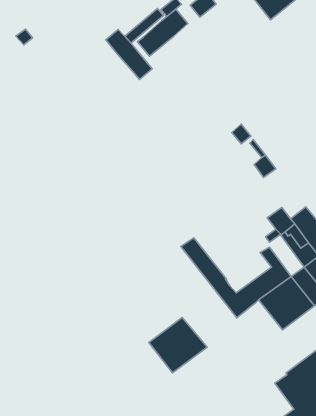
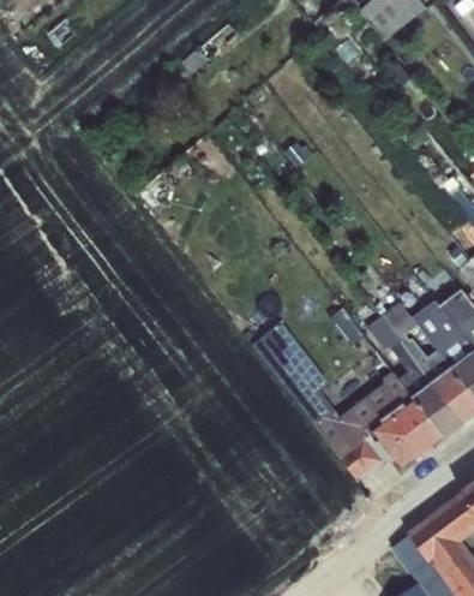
building: [137,9,188,56] -> none
building: [106,29,152,80] -> none
building: none -> [338,433,385,481]
building: [149,317,207,373] -> none

